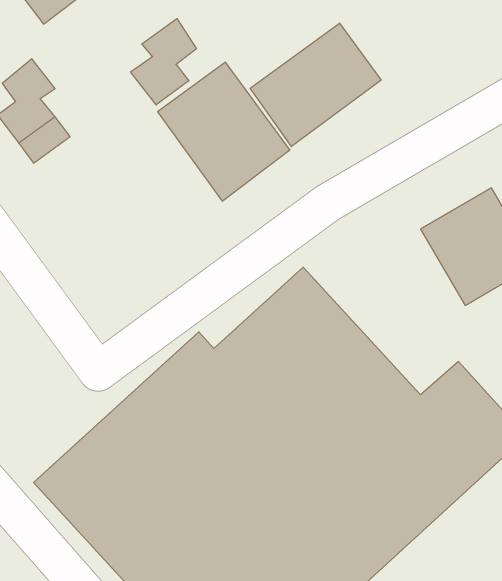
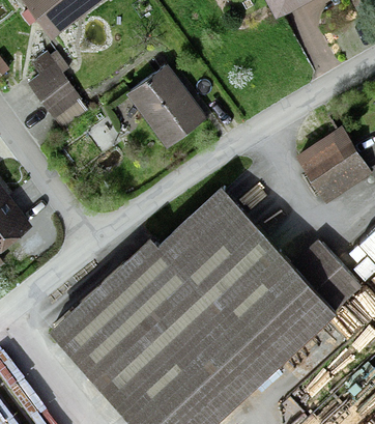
building: [130,19,197,105] -> none
building: [250,23,381,147] -> none

